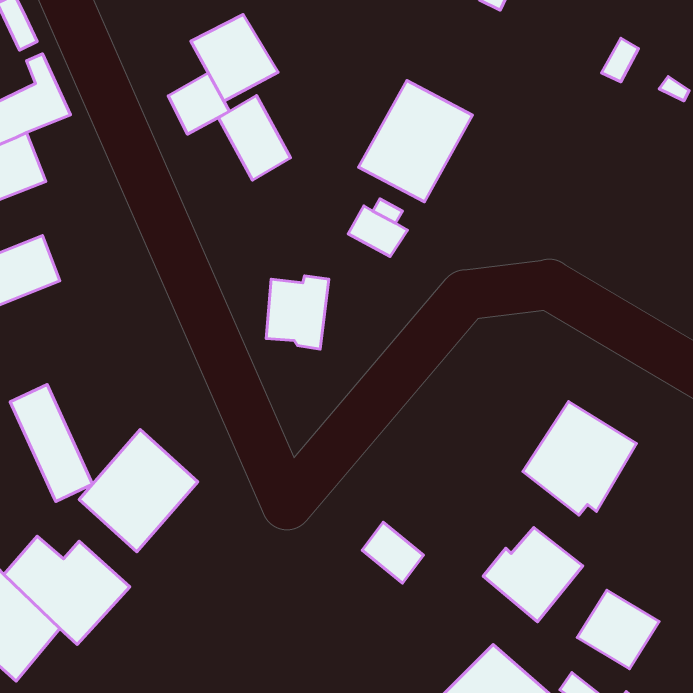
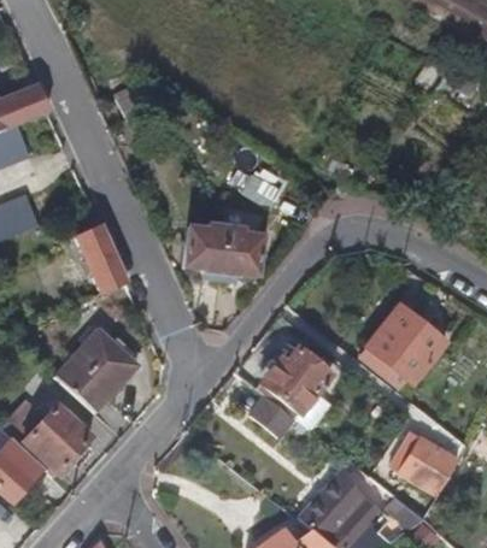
building: [191,15,278,101] -> none
building: [359,81,473,202] -> none
building: [218,95,291,180] -> none
building: none -> [222,224,264,273]
building: [10,384,92,502] -> [72,213,129,294]
building: [483,527,583,622] -> [263,347,331,412]

